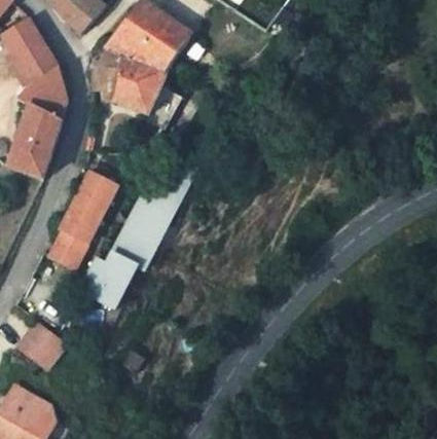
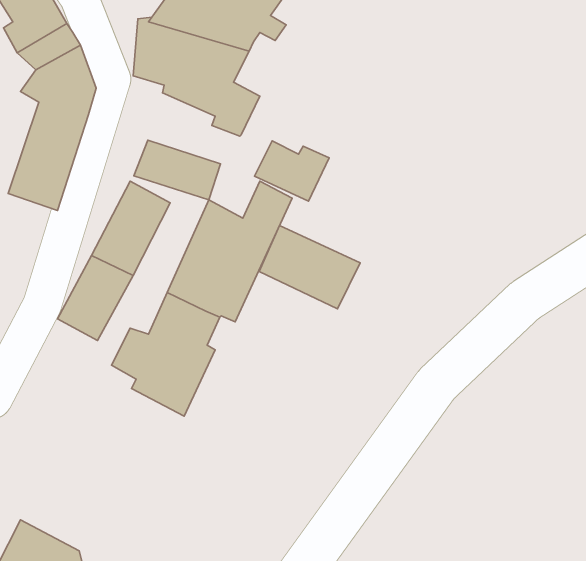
building: none -> [134,140,220,200]
building: none -> [254,141,329,201]
building: none -> [259,226,360,309]
building: [19,320,66,366] -> none

